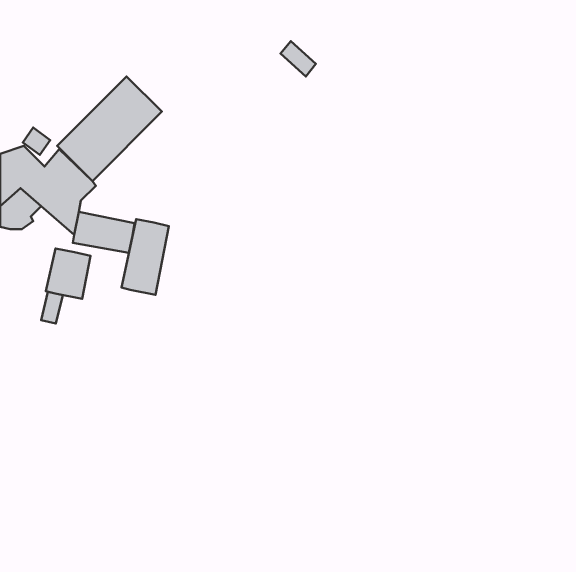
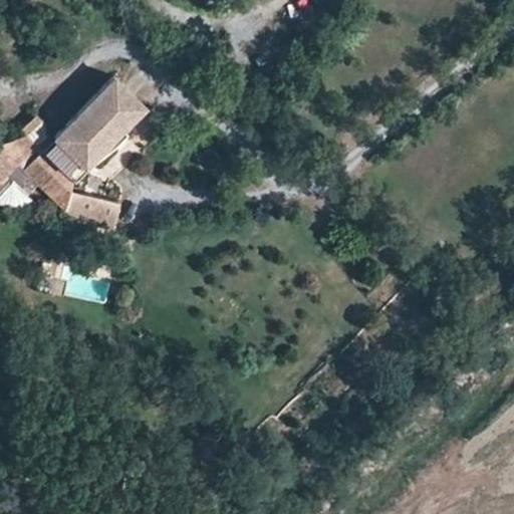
building: [121,219,169,295] -> none
building: [46,249,90,299] -> none

